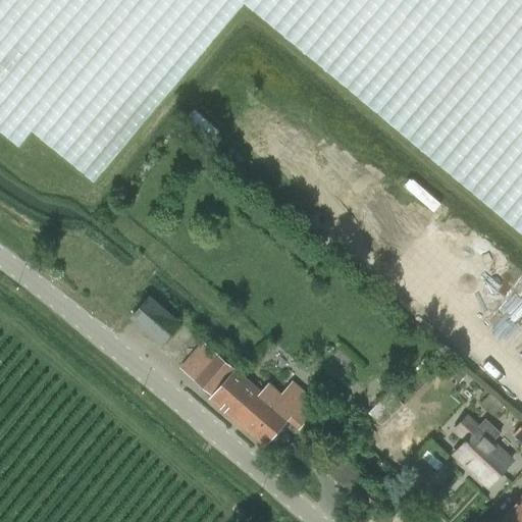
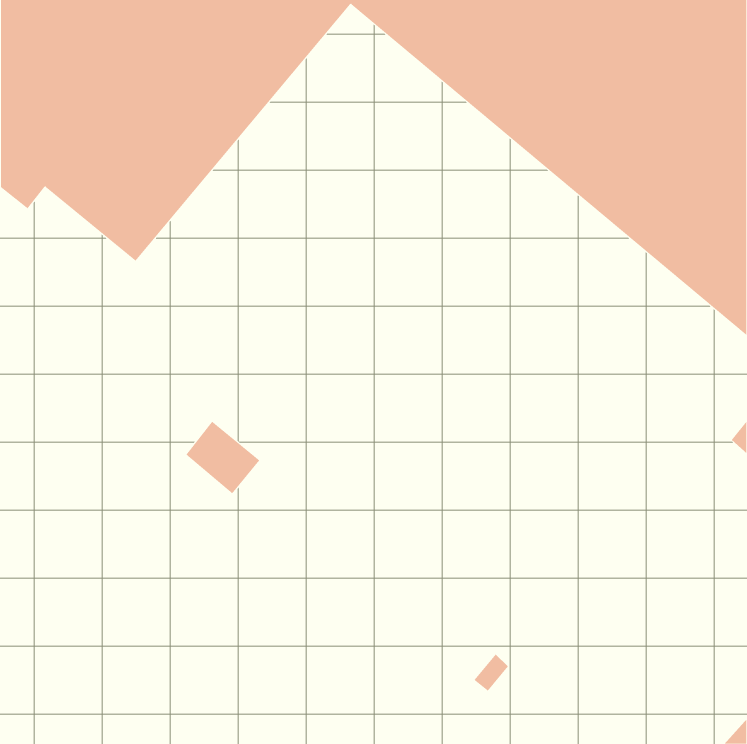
building: [194,351,324,443] -> none
building: [456,419,513,486] -> none

